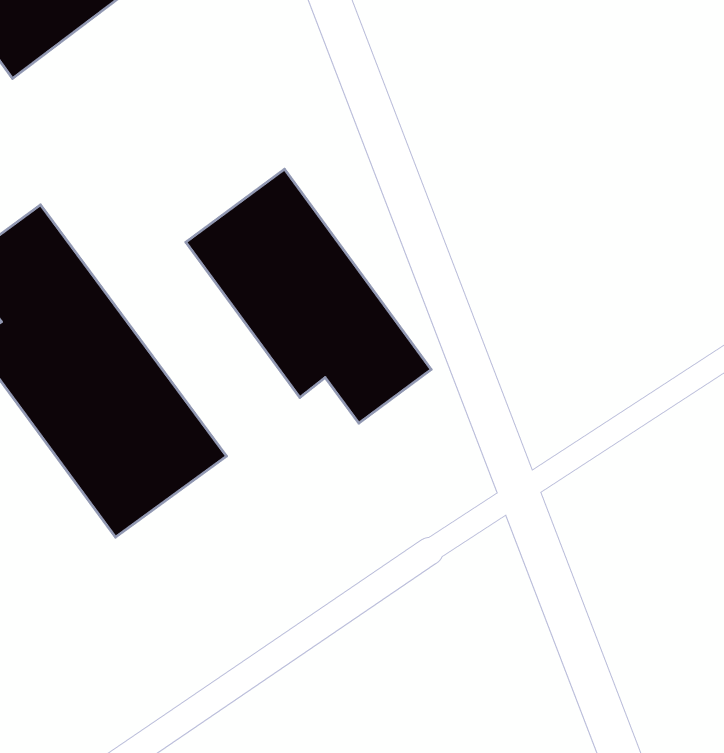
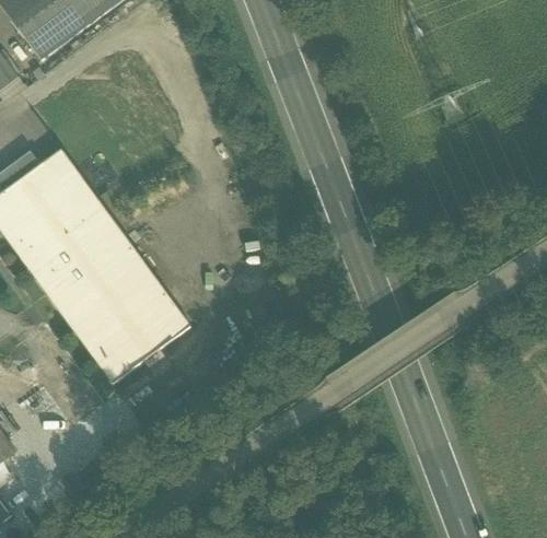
building: [186,169,431,423] -> none

